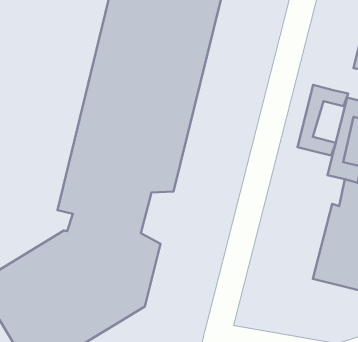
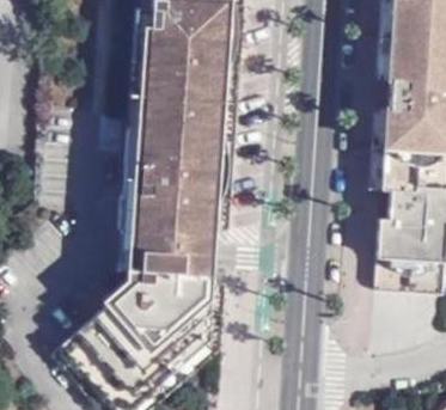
building: [297,85,348,156] -> none

